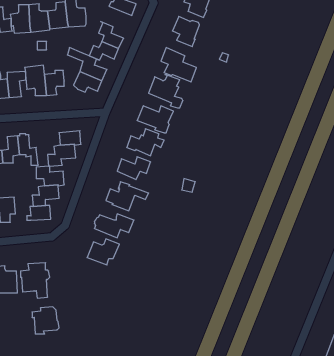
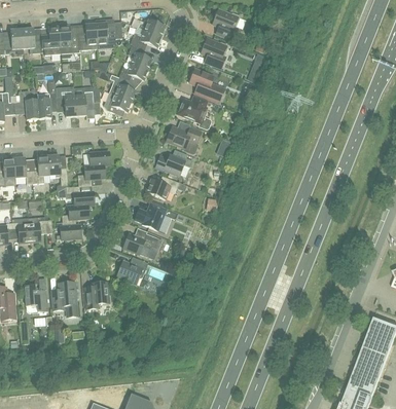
building: none -> [130,26,160,47]
building: [32,307,59,334] -> [83,281,110,307]

